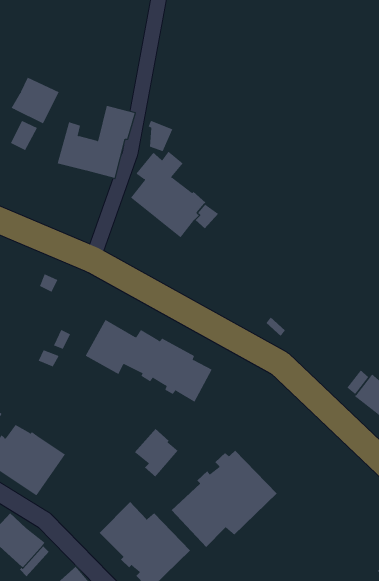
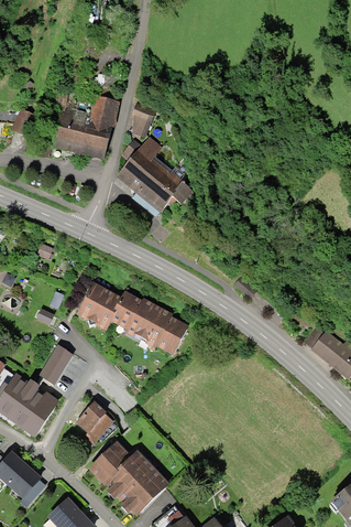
building: [11,77,59,124] -> none
building: none -> [37,343,73,384]
building: [134,428,178,478] -> [75,400,113,443]
building: [171,450,278,548] -> none

